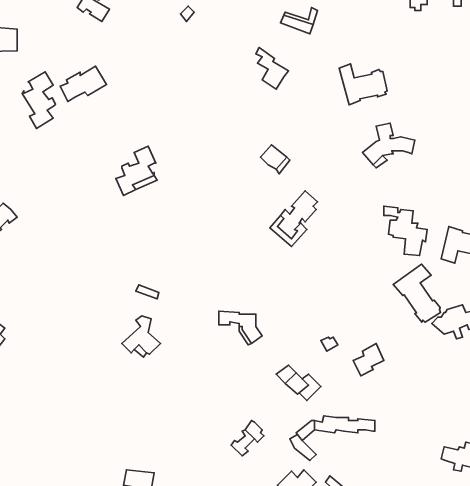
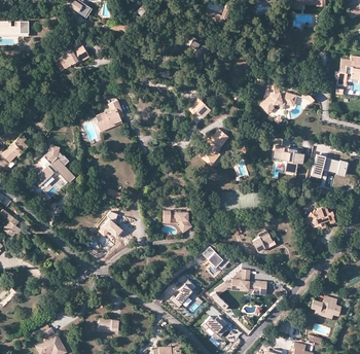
building: [339,64,387,105] -> none
building: [22,72,55,128] -> none
building: none -> [33,145,74,187]
building: [393,264,441,322] -> none

